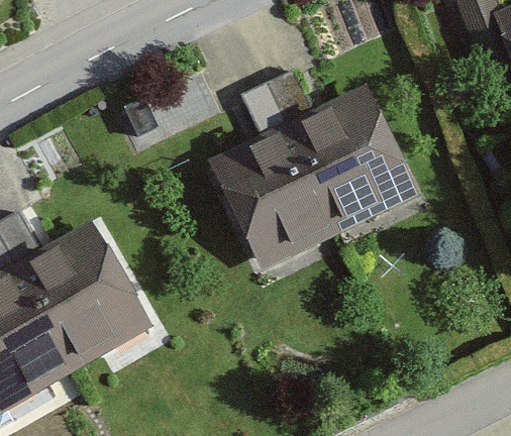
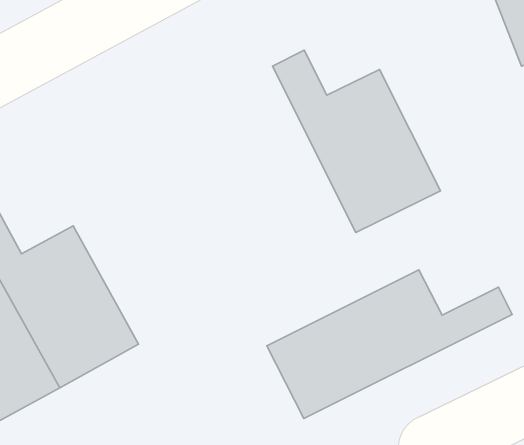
building: [207,81,342,270] -> none
building: none -> [267,270,512,418]

